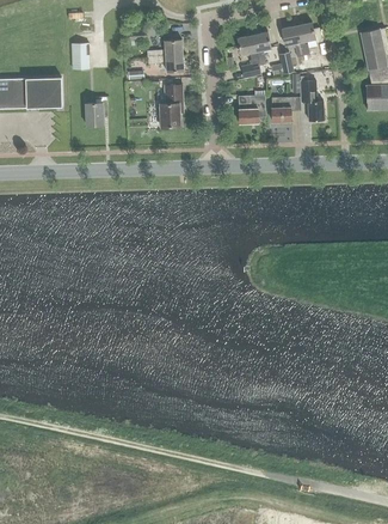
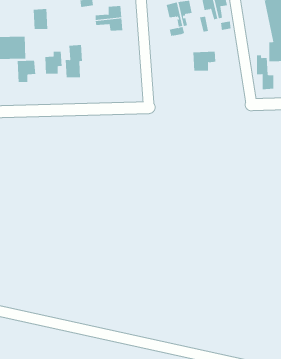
building: [300,75,322,120] -> [256,55,274,90]
building: [159,84,181,126] -> [65,44,83,78]
building: [238,95,264,123] -> none
building: none -> [17,60,36,83]

